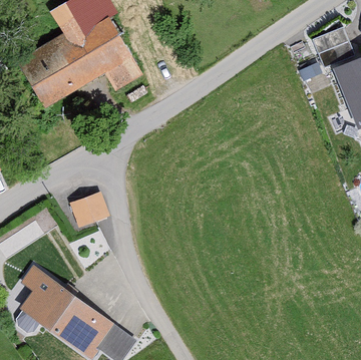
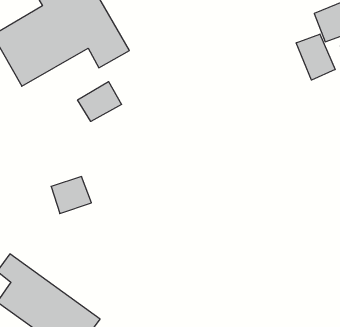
building: none -> [296,34,335,80]
building: none -> [78,82,122,121]

